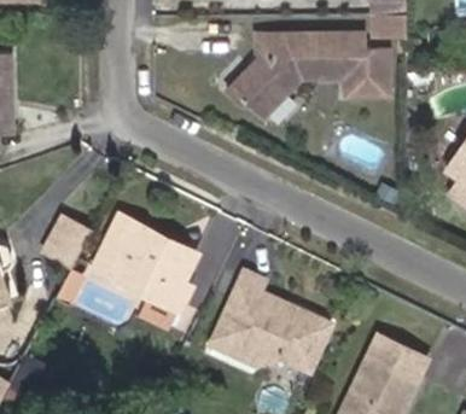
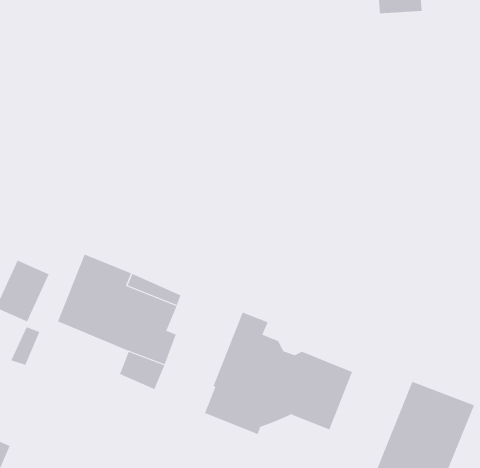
building: [229,31,392,112] -> none

